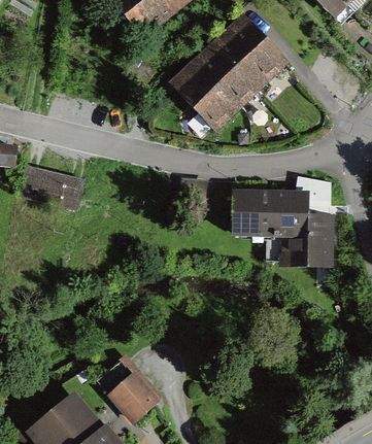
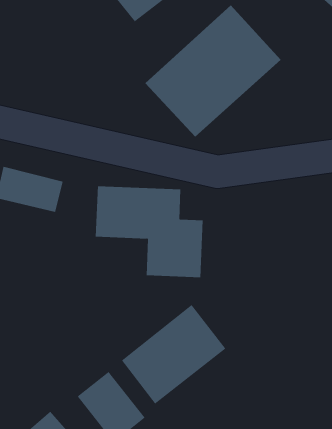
building: [231,181,332,267] -> [95,186,203,278]
building: none -> [121,304,226,405]

